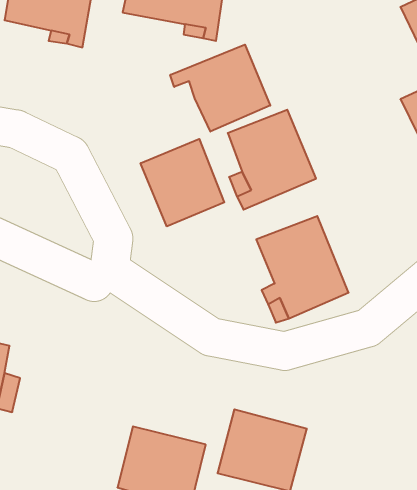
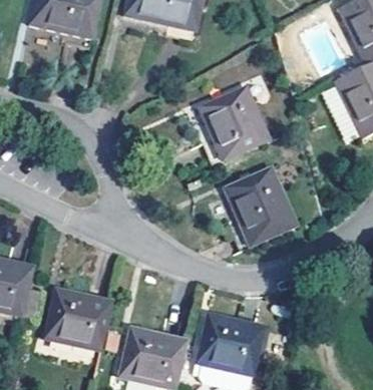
building: [170,45,270,132] -> none
building: [141,139,224,226] -> none
building: none -> [43,291,112,353]

